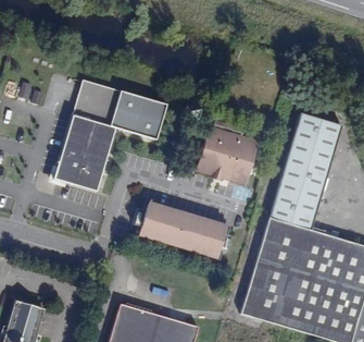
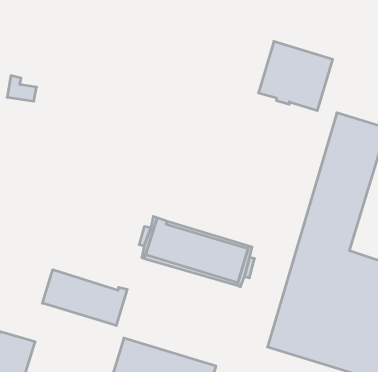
building: [53,80,165,191] -> none
building: [196,126,259,185] -> [258,41,333,111]
building: none -> [42,270,127,326]

